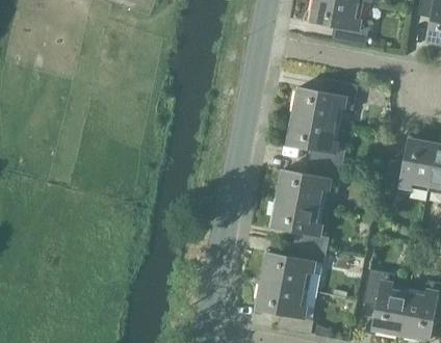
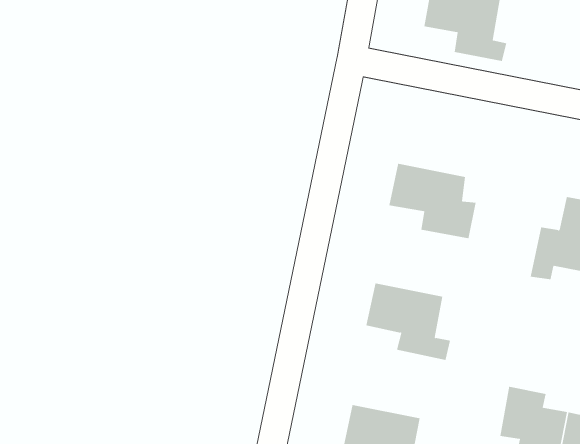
building: [291,79,356,125] -> none
building: [276,162,340,208] -> none
building: [260,244,325,291] -> none

